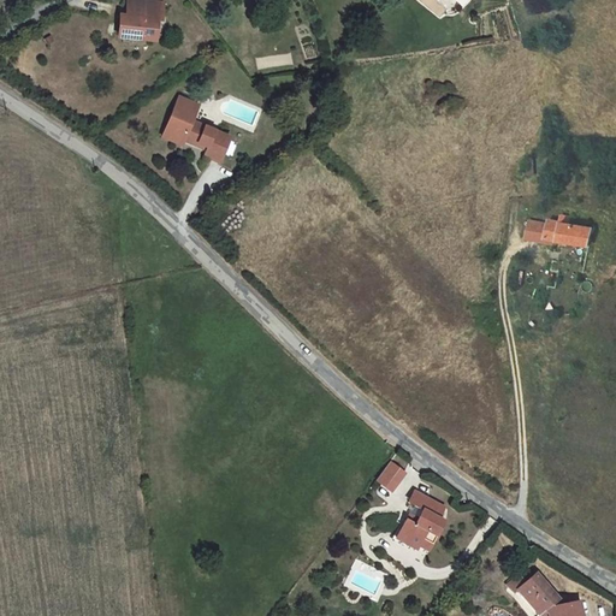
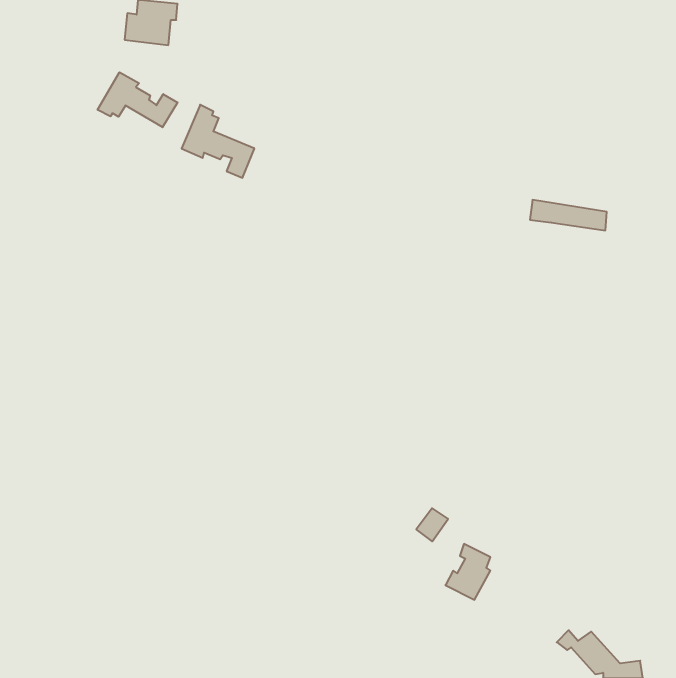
building: none -> [98,72,178,127]
building: [527,220,597,248] -> [530,200,607,230]
building: [392,490,431,551] -> none

